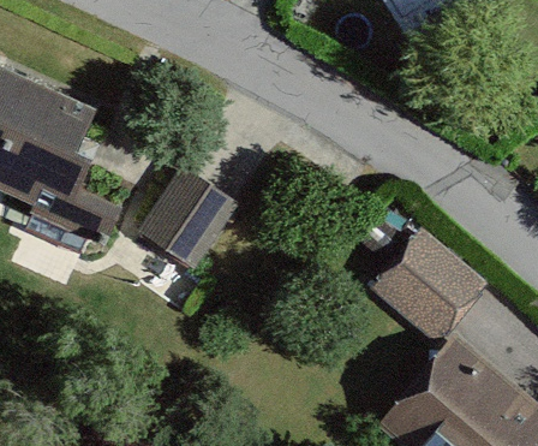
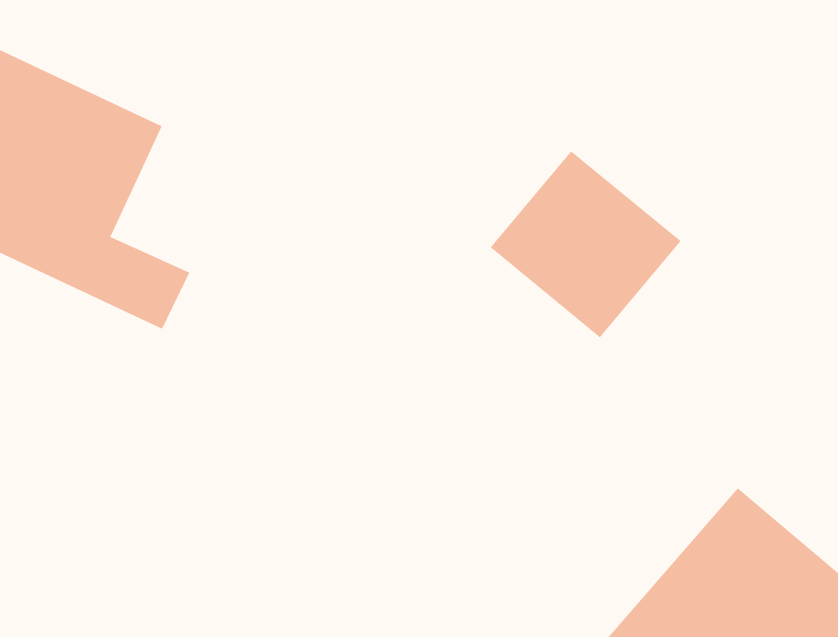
building: [138,163,239,268] -> none
building: [371,227,488,341] -> [490,151,681,338]

